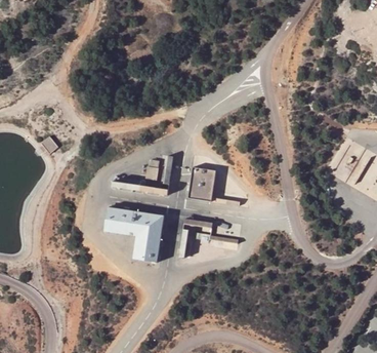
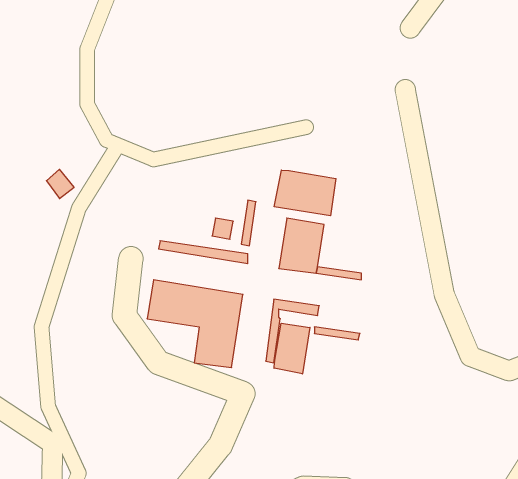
building: none -> [274,170,336,216]
building: none -> [274,323,310,374]

